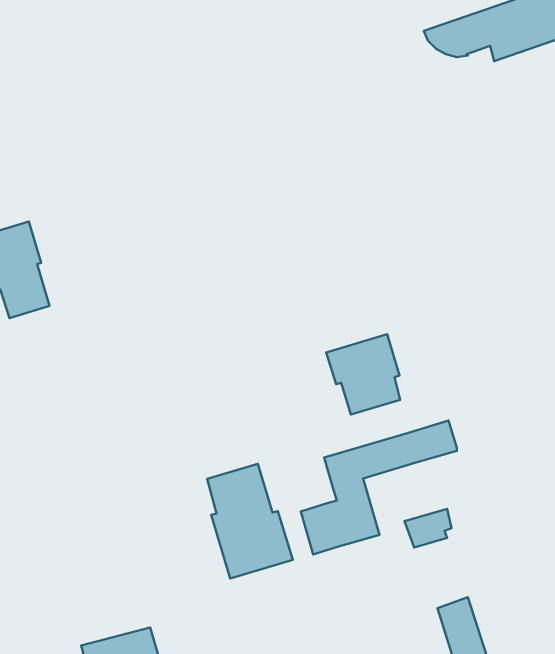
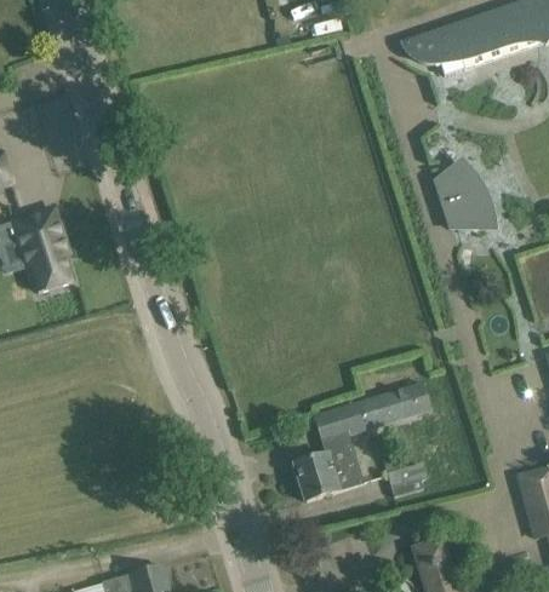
building: none -> [435,163,480,228]
building: [326,334,400,415] -> none
building: [207,464,293,579] -> none

